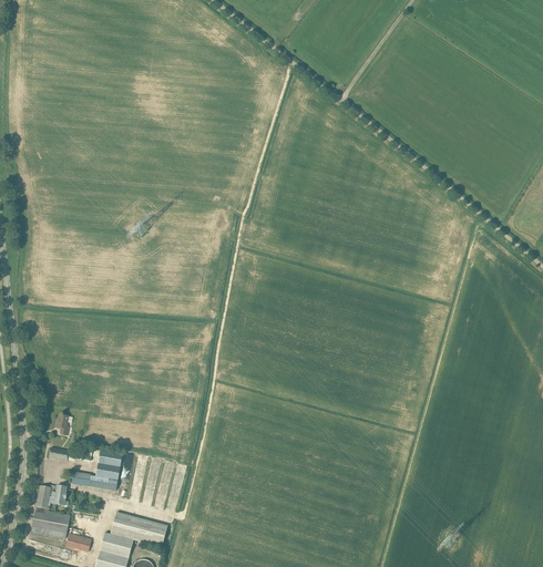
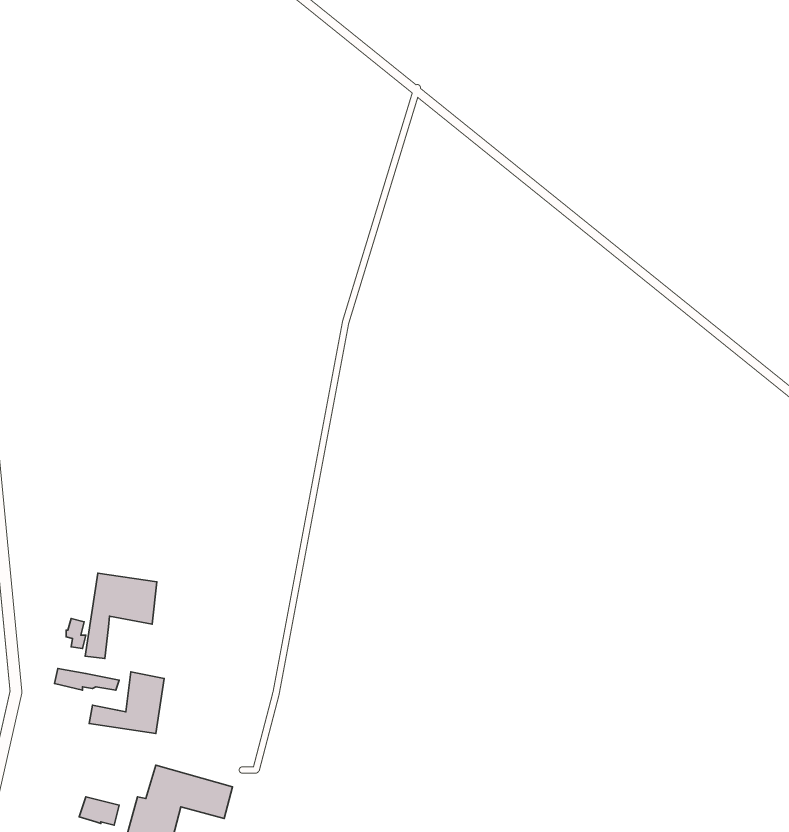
building: none -> [85,573,157,658]
building: [31,484,71,538] -> none

